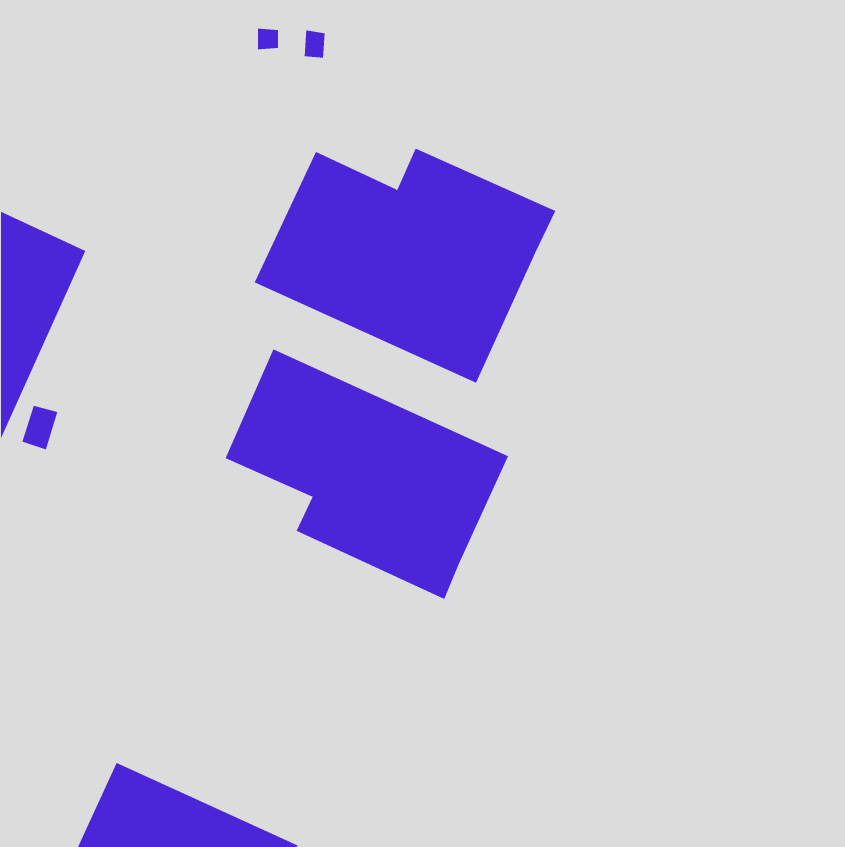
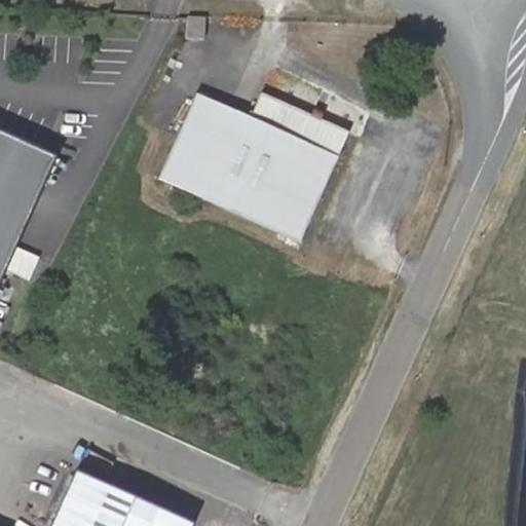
building: [225,349,509,600] -> none

